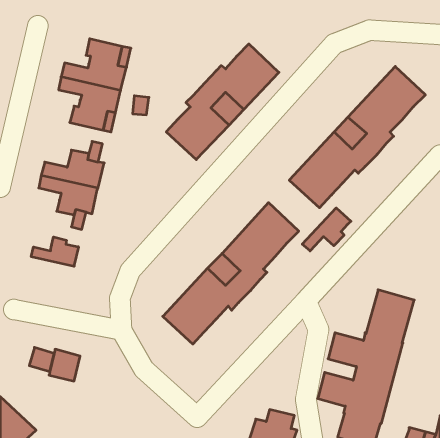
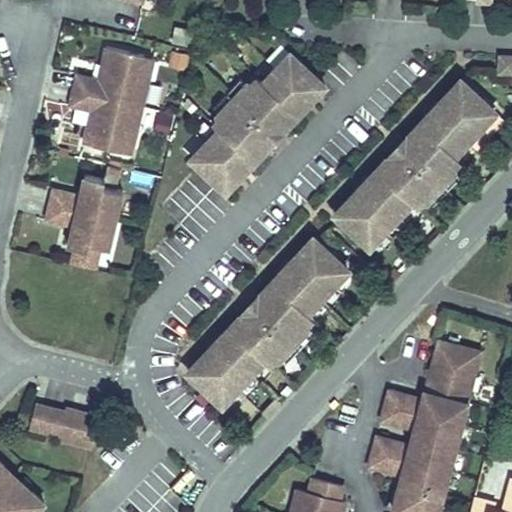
building: [302,208,351,251] -> none
building: [31,237,78,266] -> none

